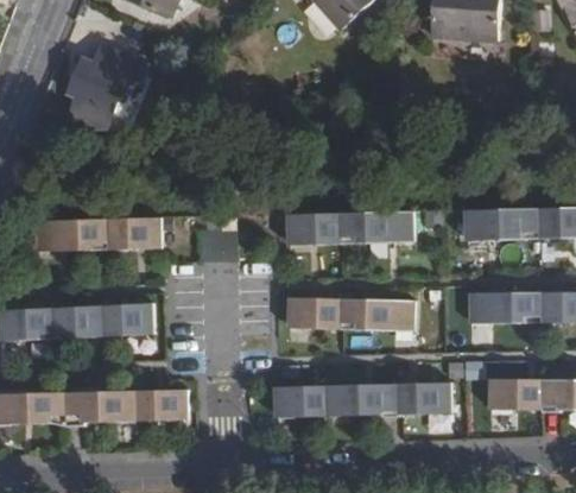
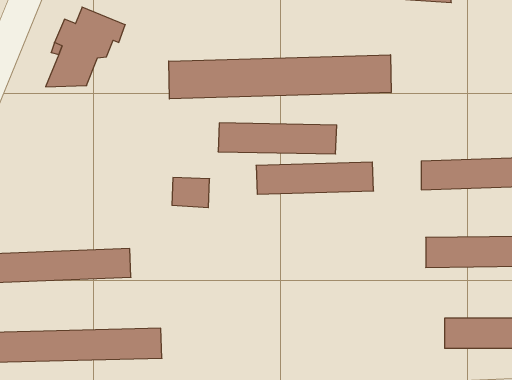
building: none -> [169,55,391,99]
building: [37,219,160,252] -> none
building: [287,298,414,331] -> [218,123,337,154]
building: [273,383,450,421] -> none

